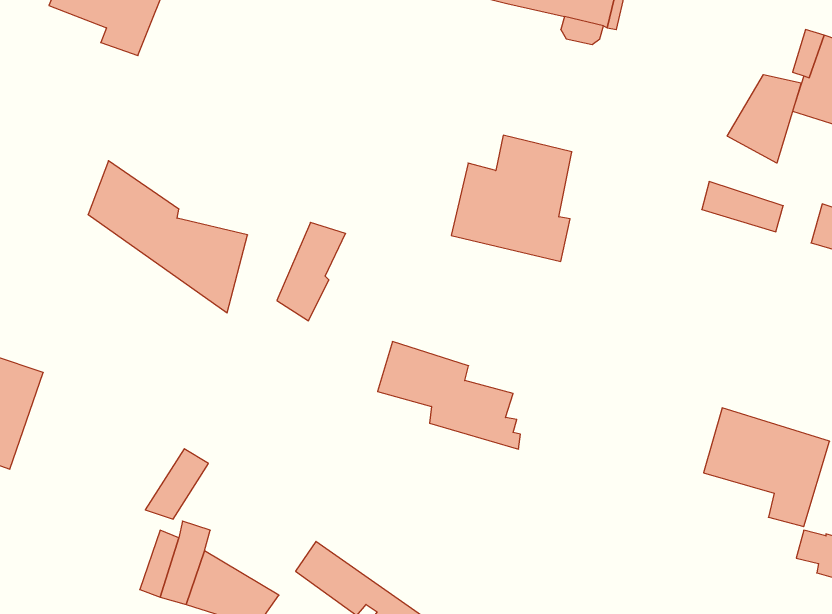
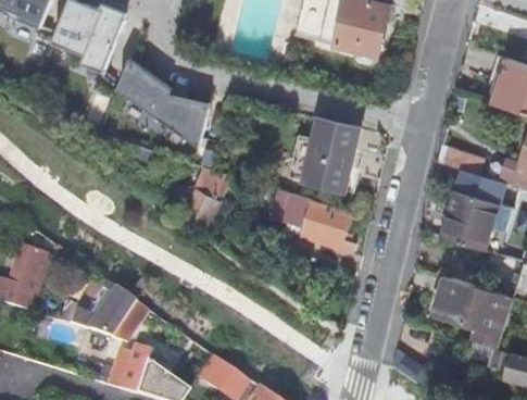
building: [727,75,801,163] -> none
building: [88,161,248,313] -> [121,57,214,146]
building: none -> [440,187,497,248]
building: [378,342,520,449] -> [272,189,355,252]
building: none -> [88,287,134,336]

